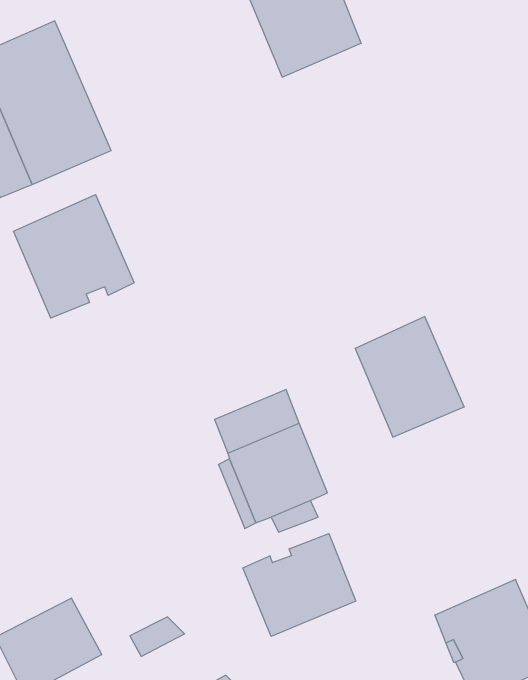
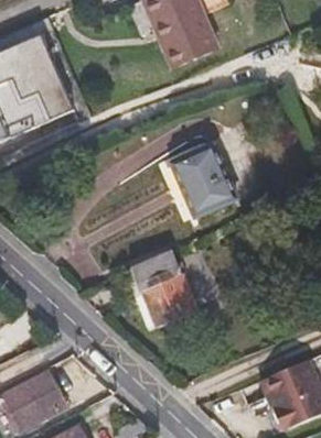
building: [13,195,134,318] -> none
building: [355,317,464,437] -> [172,144,236,215]
building: [243,534,356,636] -> none

